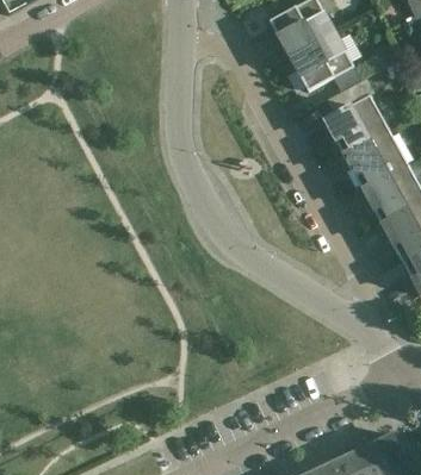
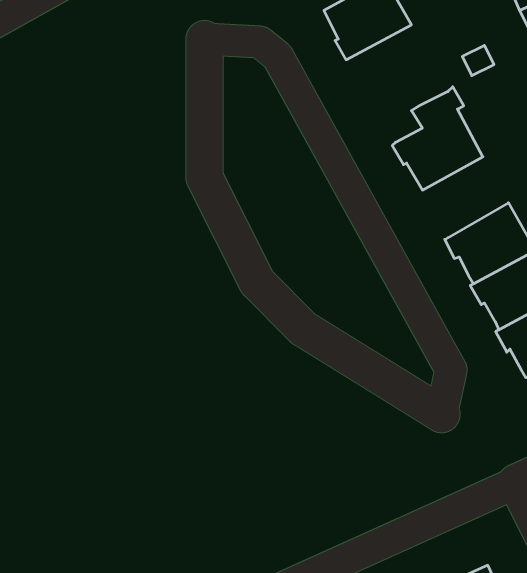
building: [285,30,361,90] -> none
building: [340,129,407,189] -> none

